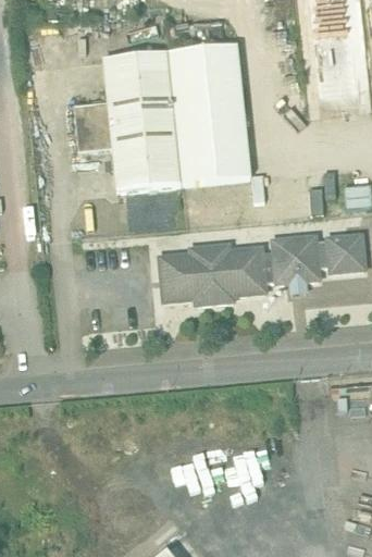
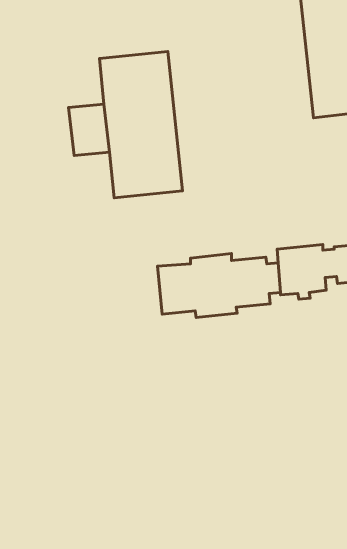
building: [169,44,251,183] -> none

